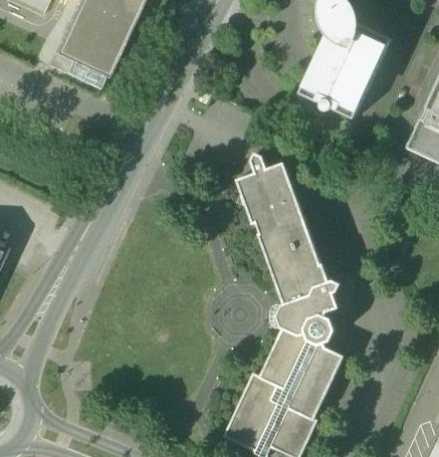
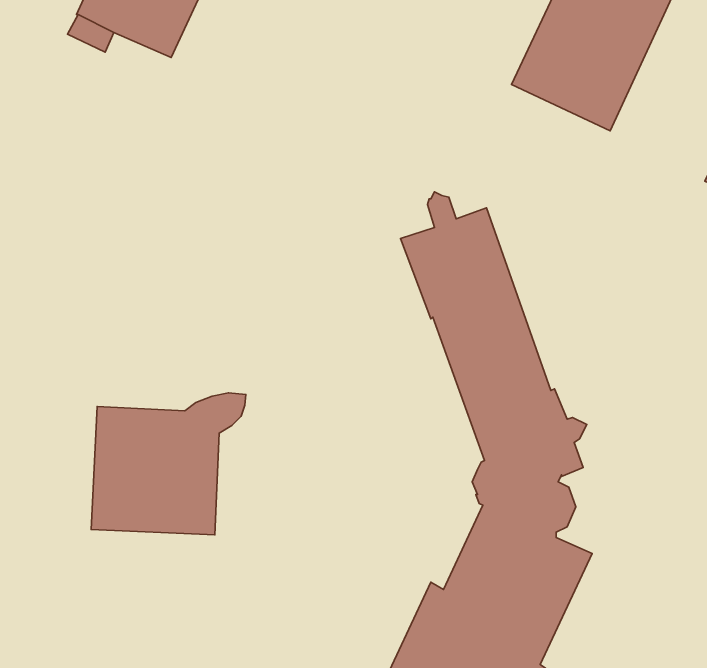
building: none -> [91,393,246,535]

